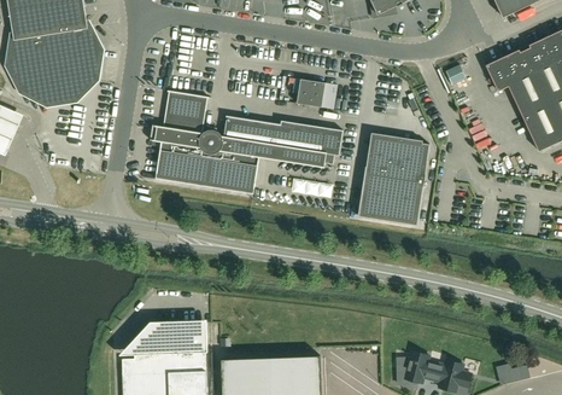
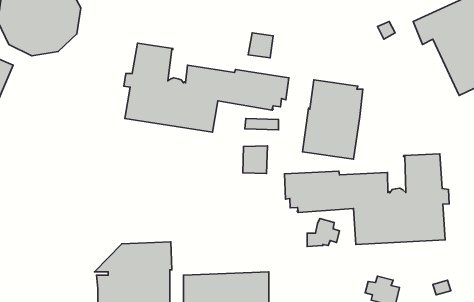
building: none -> [243,146,267,174]
building: none -> [285,154,449,244]
building: [396,352,433,384] -> [307,218,340,247]

